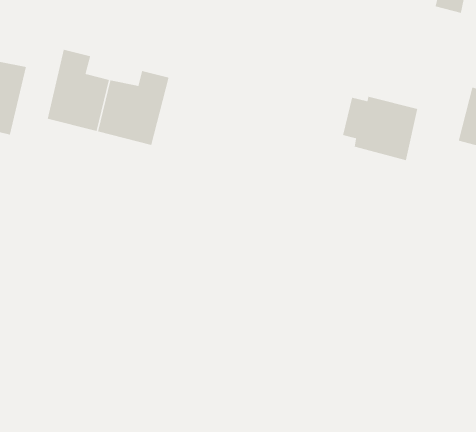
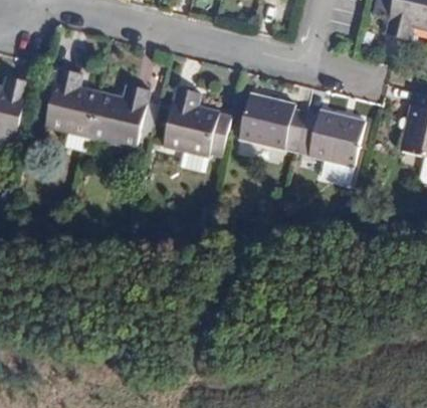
building: none -> [164,88,217,159]
building: none -> [240,92,308,148]

